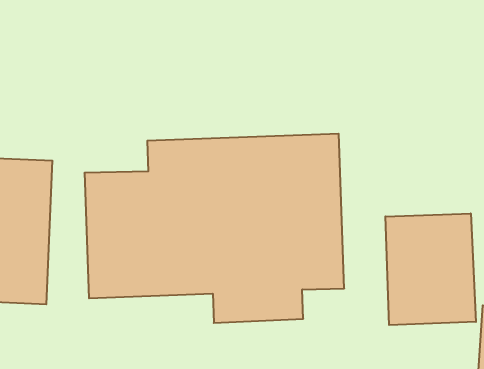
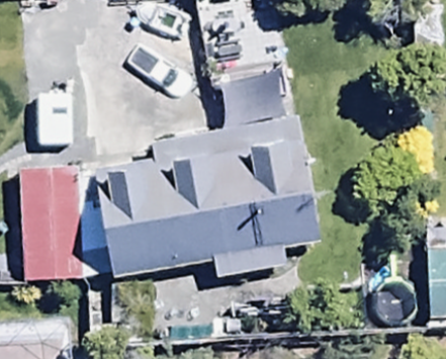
building: [385,213,476,325] -> none

